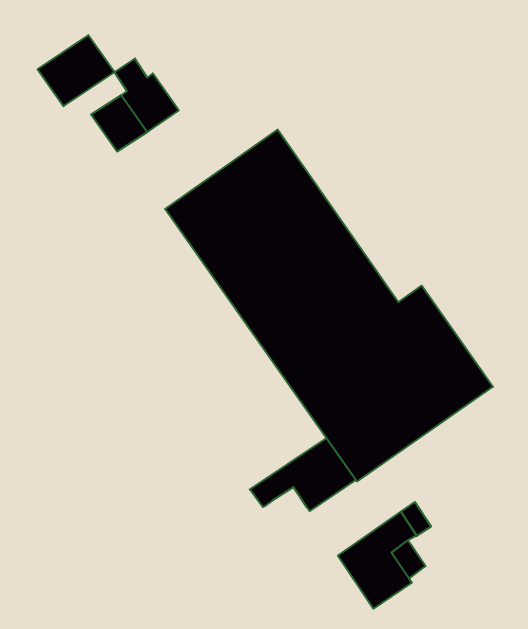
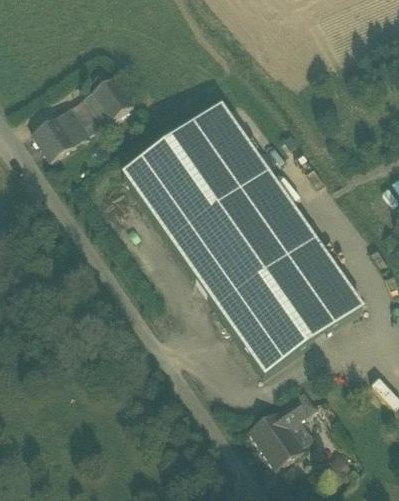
building: [38,35,114,106] -> [34,104,90,156]
building: none -> [207,103,312,241]
building: [250,438,356,511] -> none

